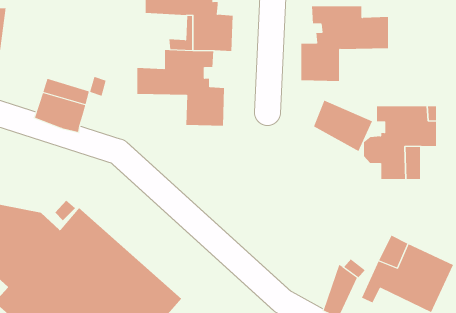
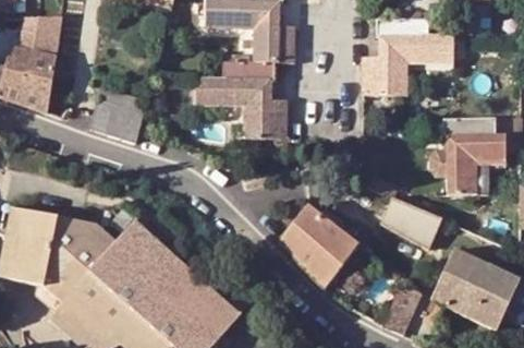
building: [313,100,373,152] -> [381,195,442,249]
building: none -> [278,205,358,289]

